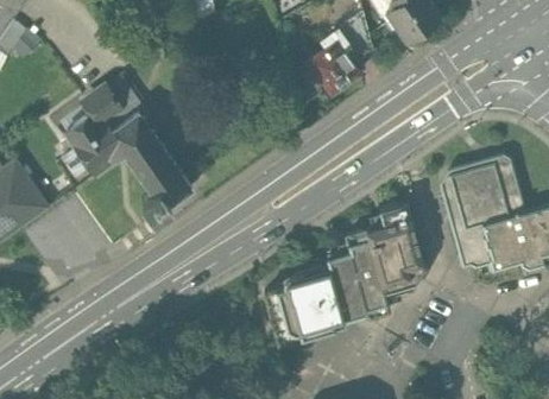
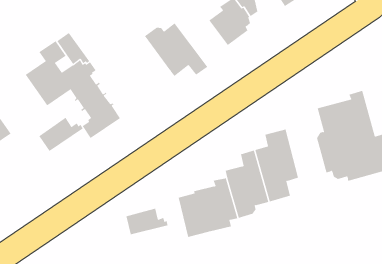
building: none -> [144,23,208,77]
building: none -> [39,117,84,152]
building: none -> [126,208,168,235]

